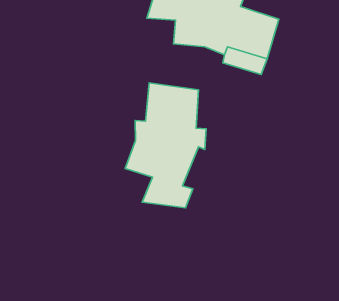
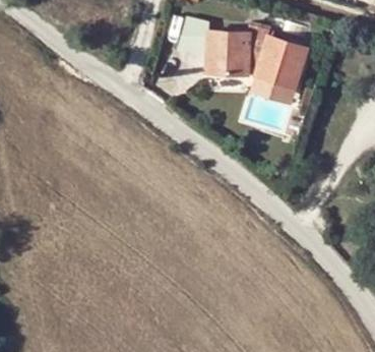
building: [125,83,206,208] -> none

